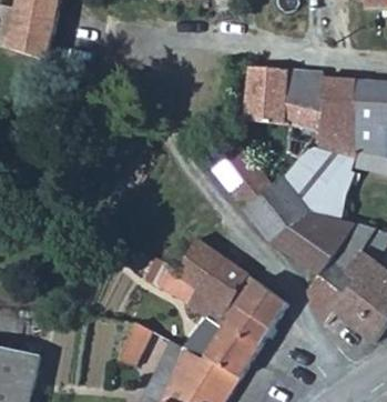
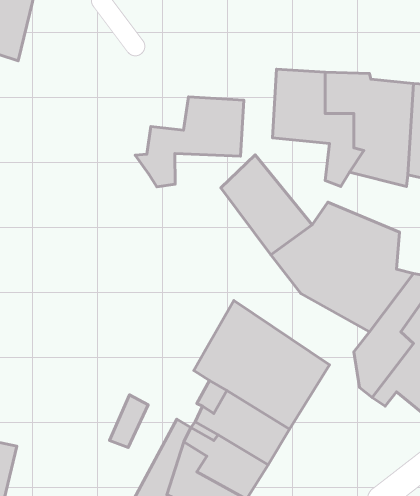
building: none -> [135,97,244,187]
building: [287,147,352,193] -> none
building: [172,235,214,285] -> none

